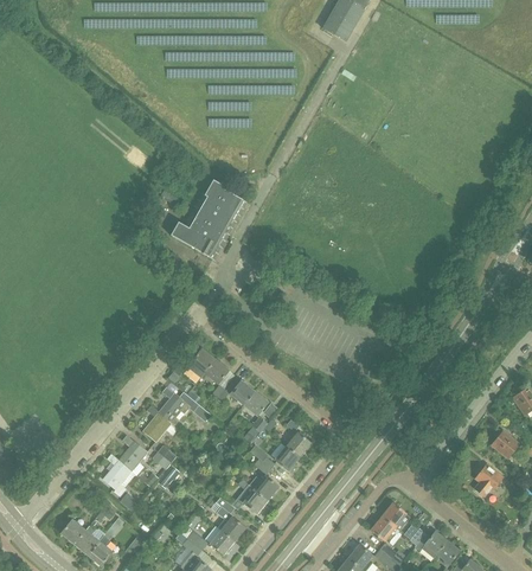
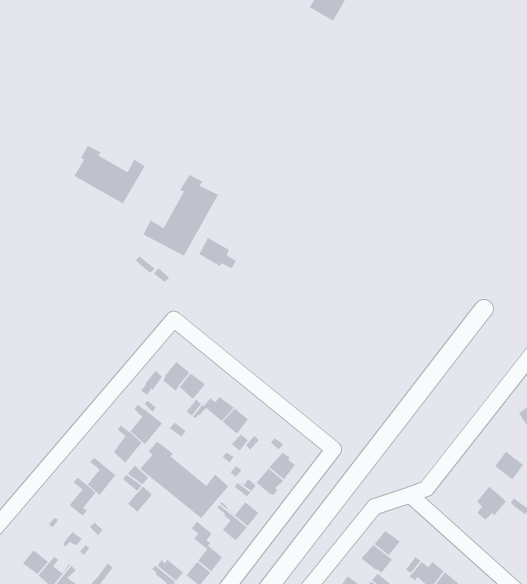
building: none -> [73,145,146,204]
building: none -> [198,237,237,269]
building: none -> [139,440,229,519]

